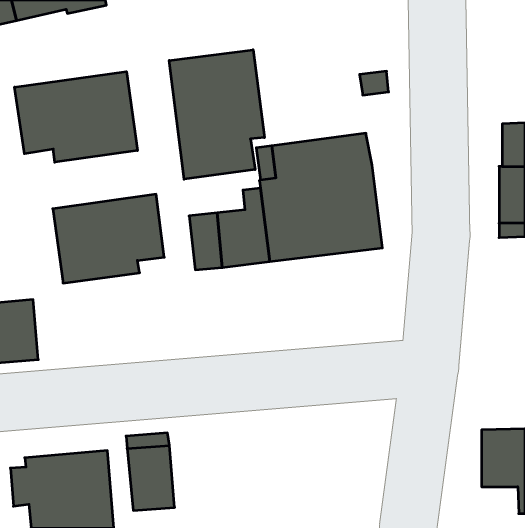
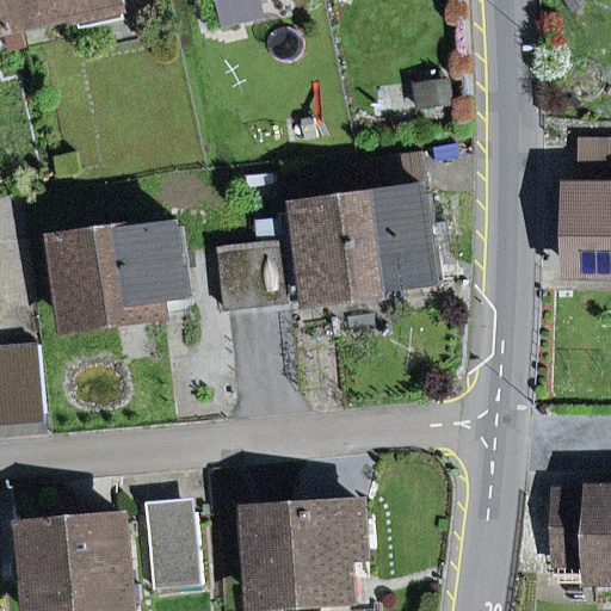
building: [169,50,264,179] -> none
building: [15,72,137,162] -> none
building: none -> [254,508,365,604]

